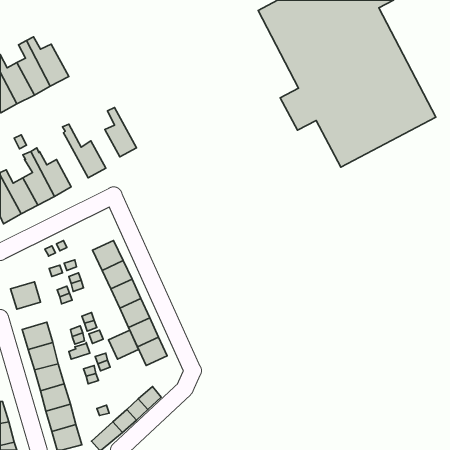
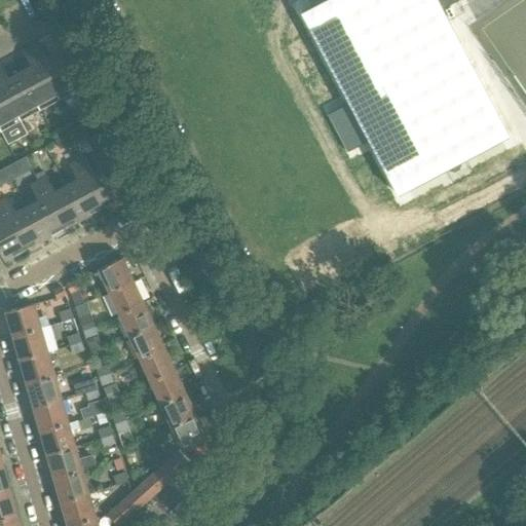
building: [105,107,136,157] -> [66,160,103,218]
building: none -> [98,258,133,292]
building: none -> [5,304,40,337]
building: none -> [20,352,54,384]
building: [109,330,139,359] -> [171,415,205,449]

